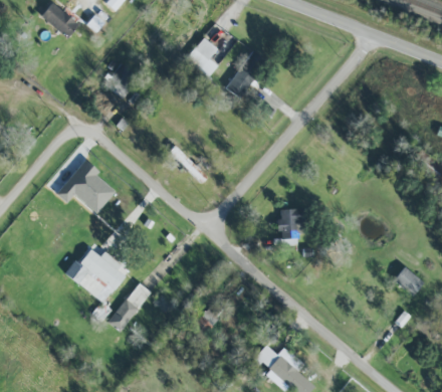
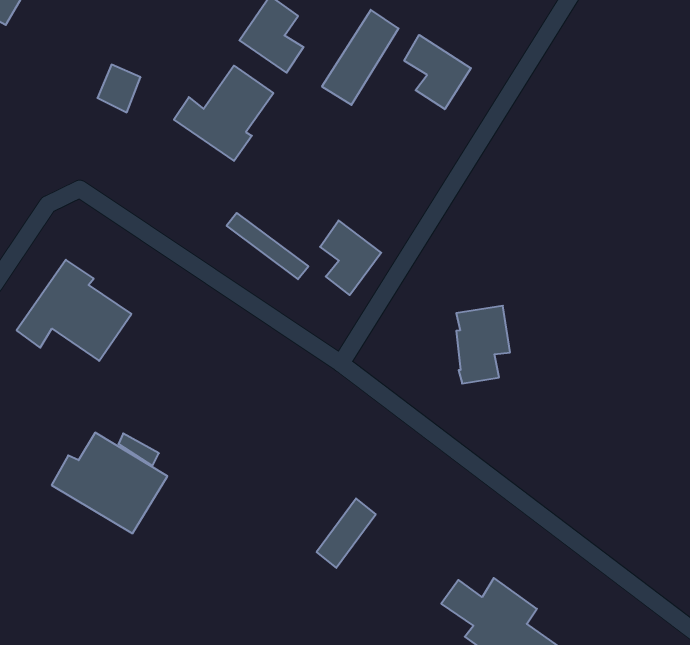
building: none -> [404,35,471,109]
building: none -> [174,66,273,161]
building: none -> [320,220,381,295]
building: [107,282,151,332] -> none

